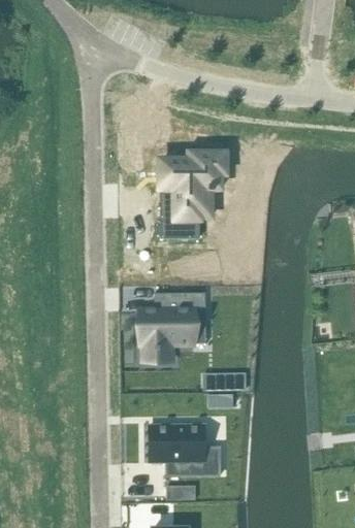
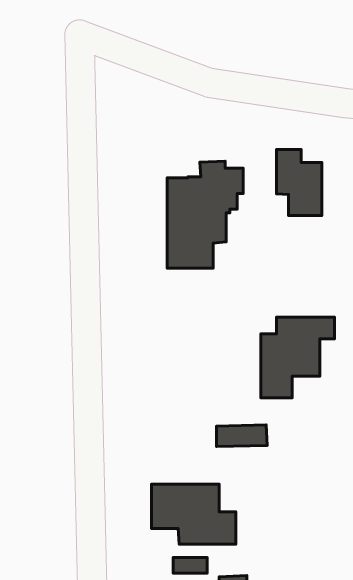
building: none -> [277,149,322,215]
building: [144,295,207,364] -> [261,317,334,398]

